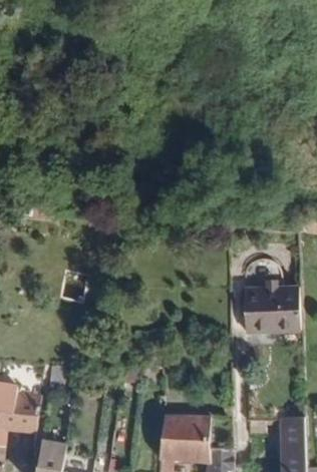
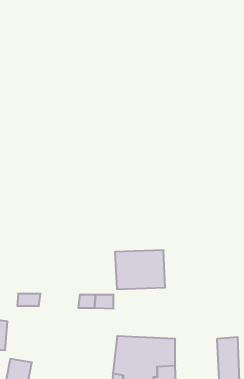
building: [243,288,301,333] -> [115,250,165,289]

